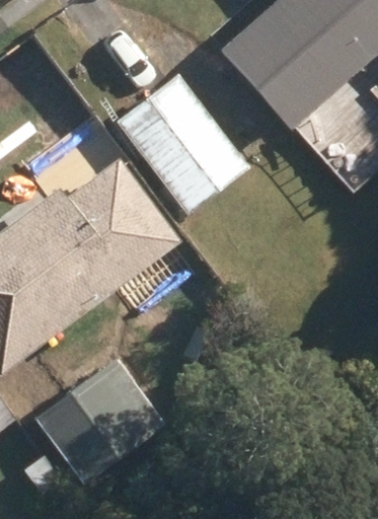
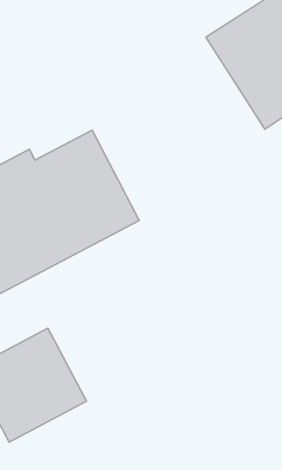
building: [106,63,249,215] -> none

